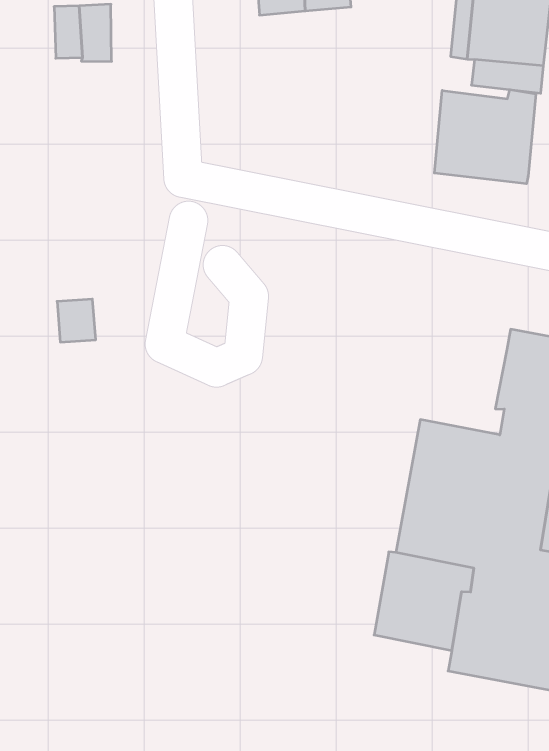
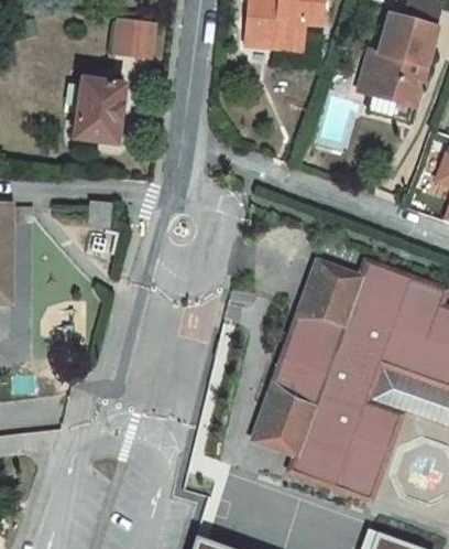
building: [434,90,536,184] -> none
building: none -> [75,79,124,143]
building: none -> [298,259,363,327]

